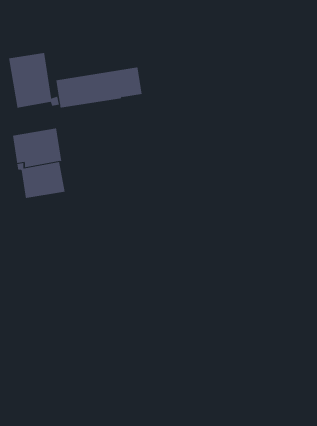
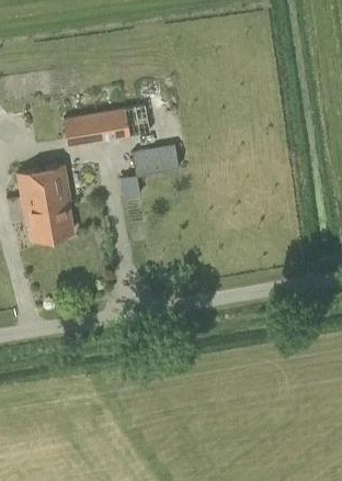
building: [9,52,59,109] -> none
building: none -> [119,145,179,199]

